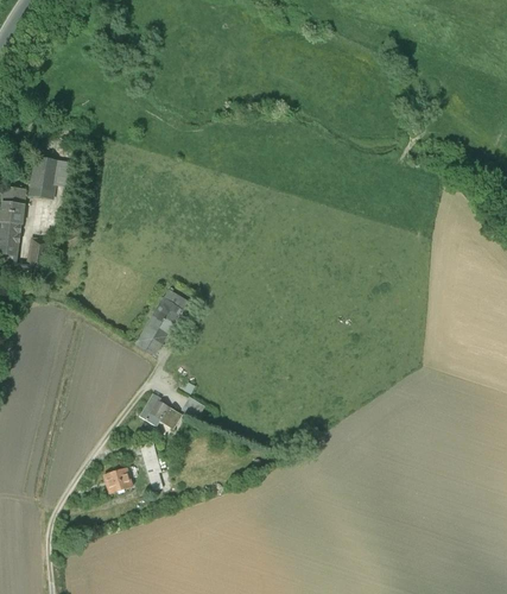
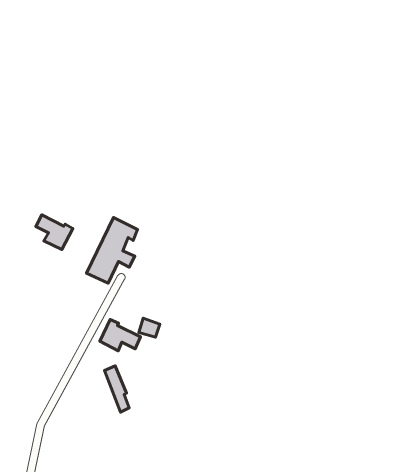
building: none -> [36,215,73,249]
building: [102,466,137,494] -> none

